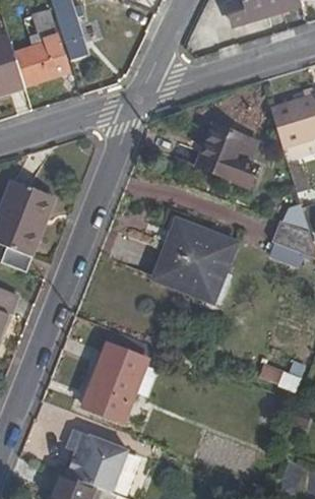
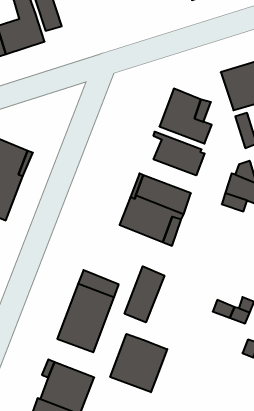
building: none -> [154,132,205,175]
building: none -> [125,266,164,322]
building: none -> [110,334,167,392]

